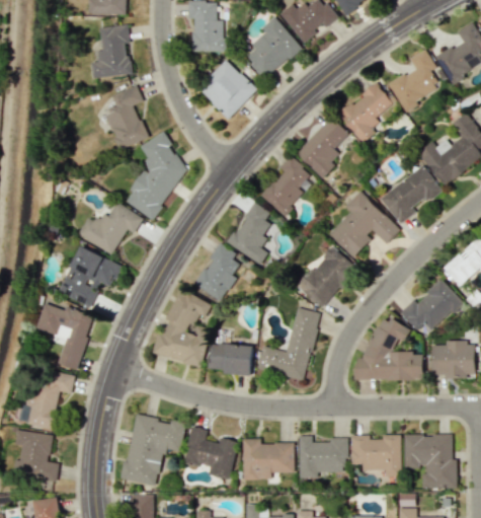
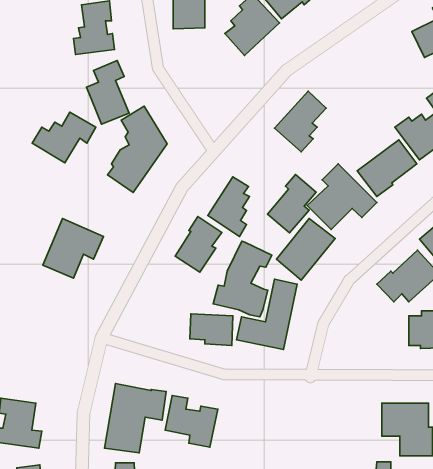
building: [388,50,440,110] -> none
building: [197,60,257,120] -> none
building: [338,83,395,144] -> none
building: [261,156,311,216] -> [267,174,316,233]
building: [79,203,144,254] -> [32,112,96,163]
building: [152,290,212,367] -> [213,241,272,317]
building: [36,302,93,370] -> none
building: [354,316,423,380] -> none
building: [22,369,75,430] -> none
building: [350,435,402,476] -> none
building: [299,436,347,478] -> none
building: [243,439,295,479] -> none

